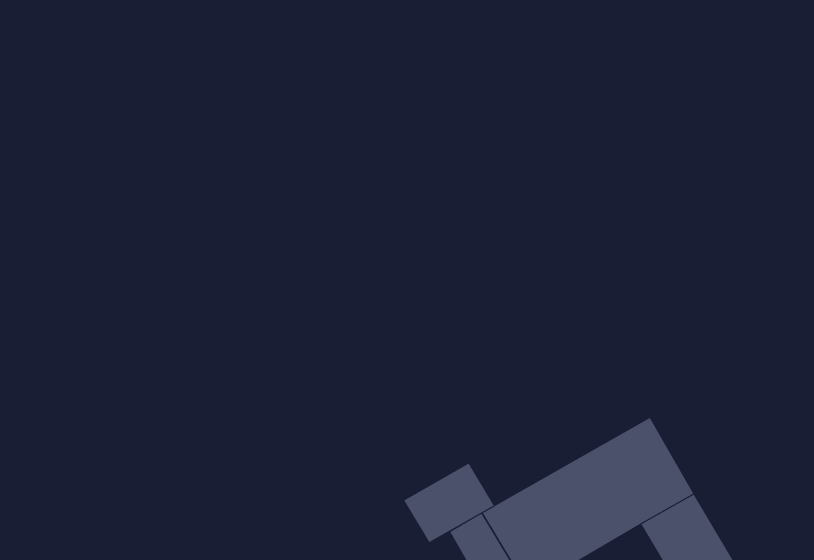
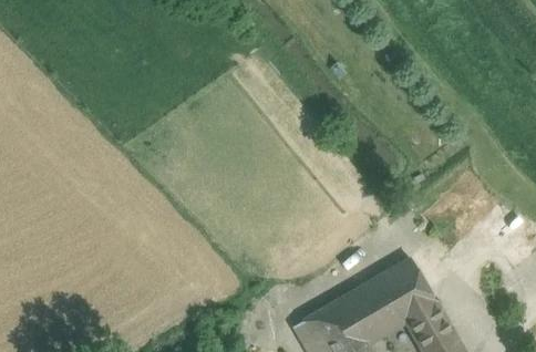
building: [404,463,494,543] -> none

